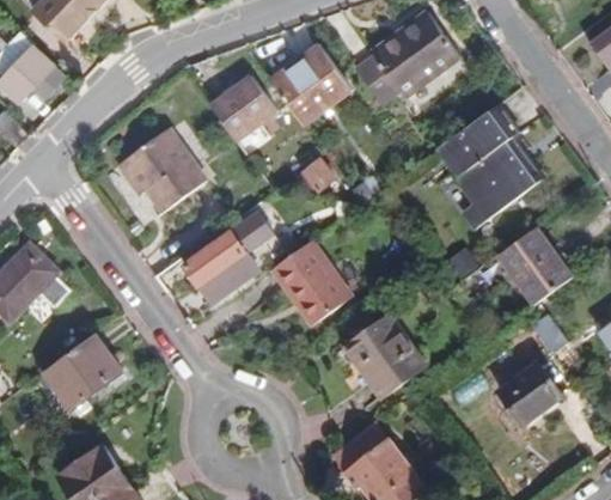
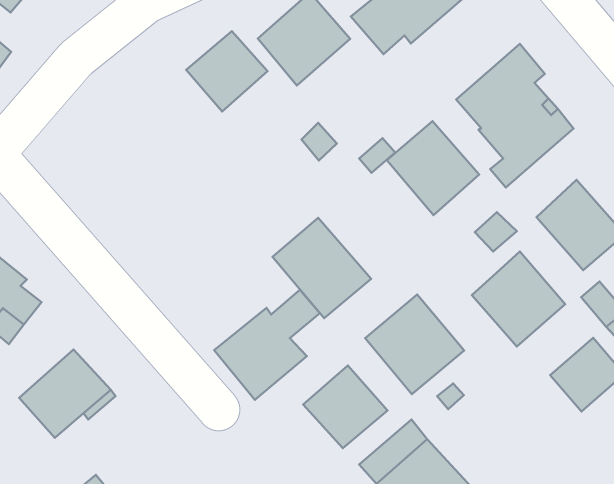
building: [118,128,206,211] -> none
building: none -> [387,121,479,215]
building: [179,212,273,303] -> [214,290,320,400]
building: none -> [472,251,565,347]
building: none -> [303,366,387,448]

